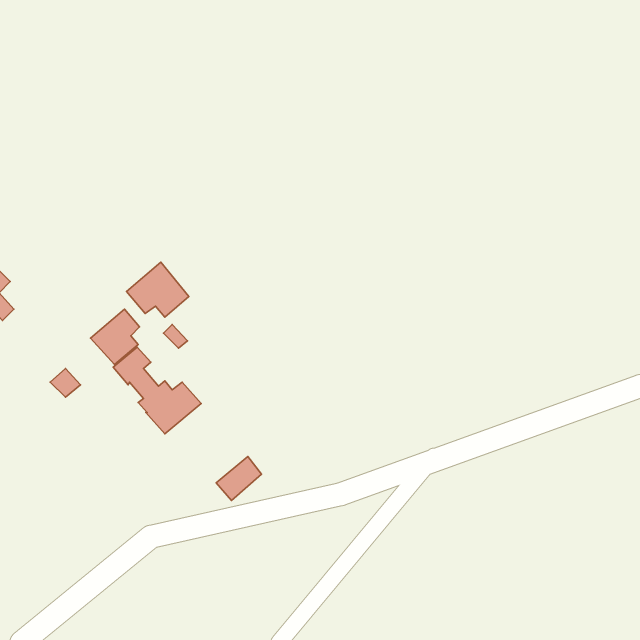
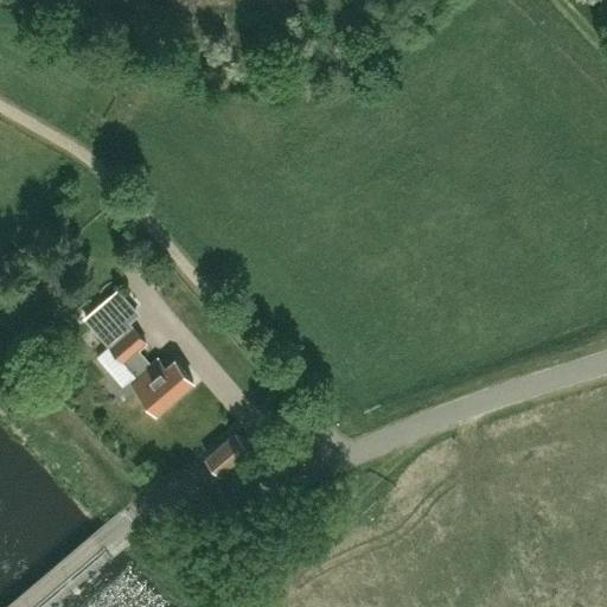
building: [126,262,189,317] -> none

